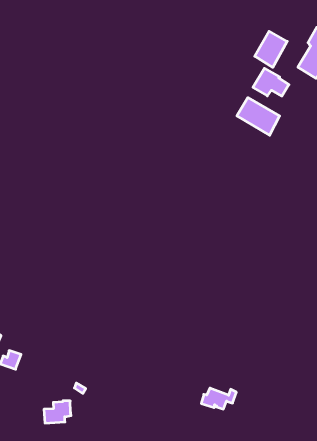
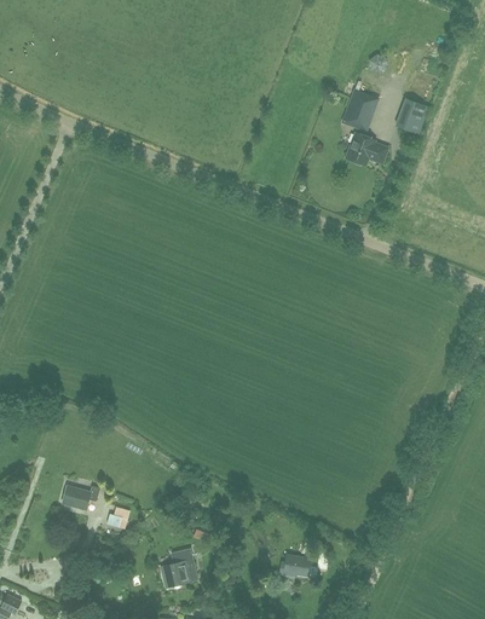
building: [237,98,280,135] -> none
building: [201,388,236,409] -> [279,553,318,577]

